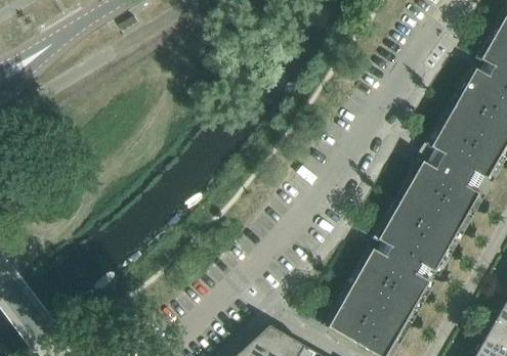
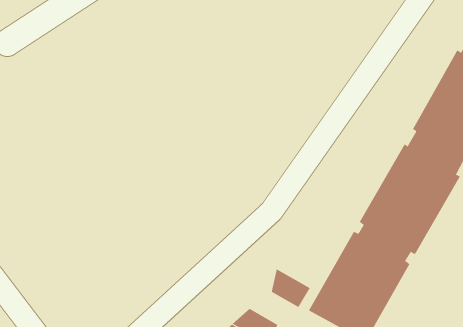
building: none -> [271,268,311,308]

